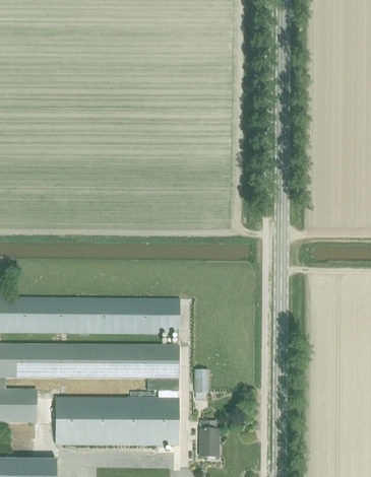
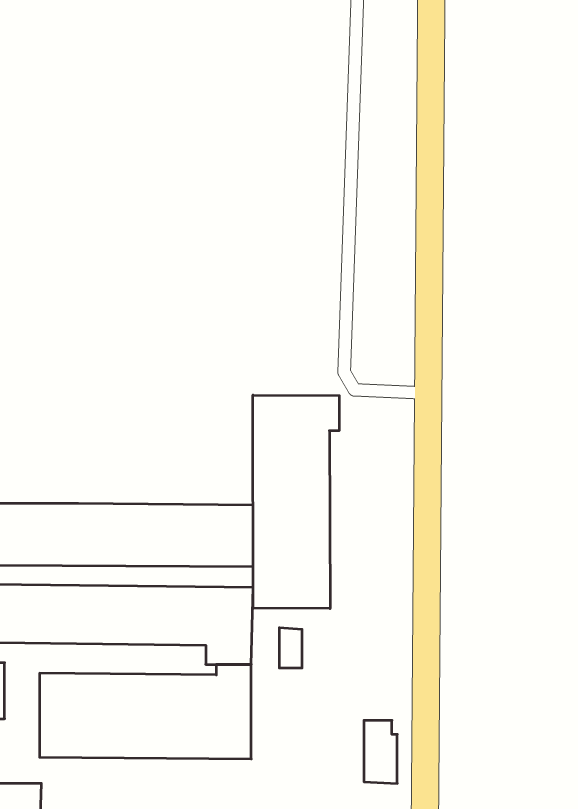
building: none -> [253,395,339,609]
building: [199,420,219,457] -> [364,720,397,783]

